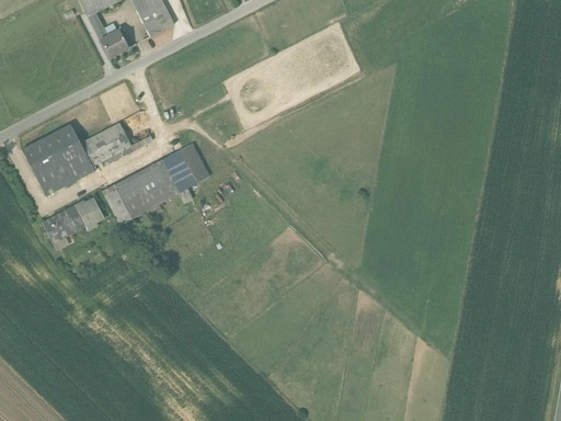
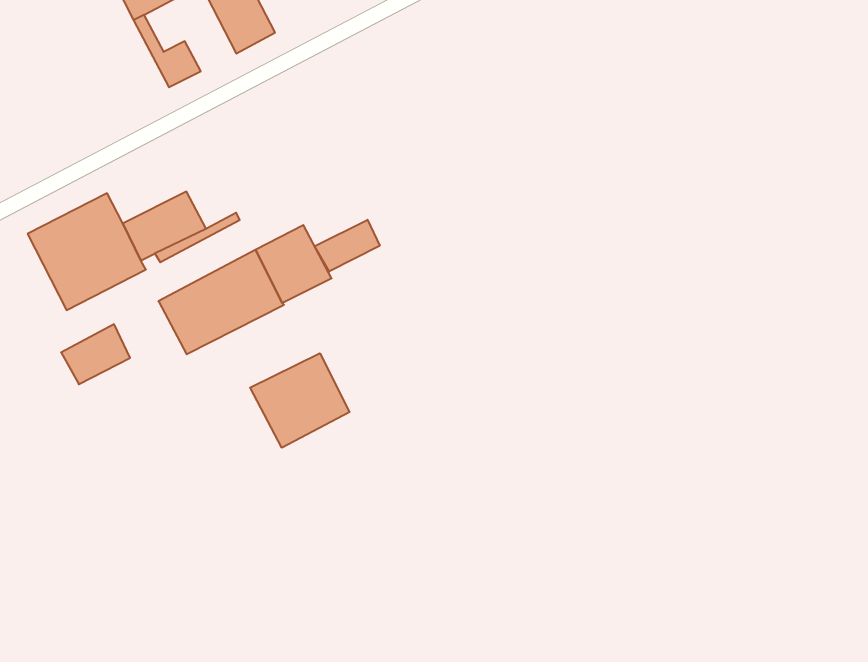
building: none -> [315,220,380,272]
building: [76,196,105,229] -> none
building: none -> [250,353,350,448]

